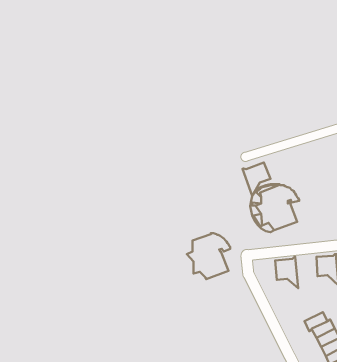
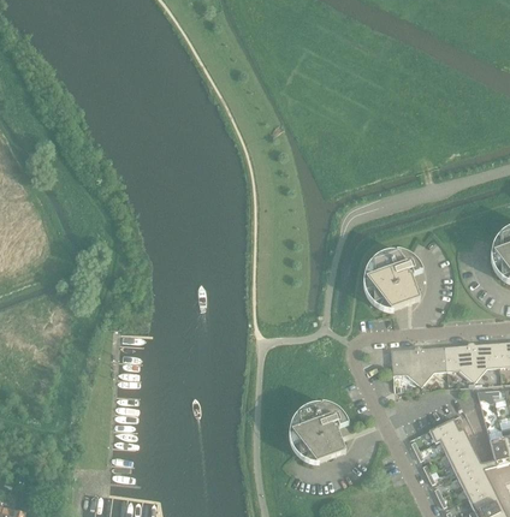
building: [243,162,271,196] -> none
building: [187,233,230,279] -> [289,402,345,462]
building: none -> [415,344,444,385]

